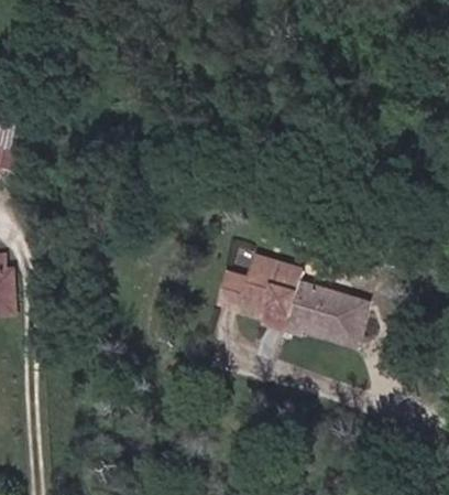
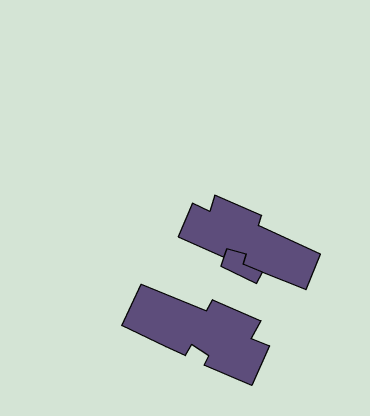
building: none -> [122,284,269,385]

